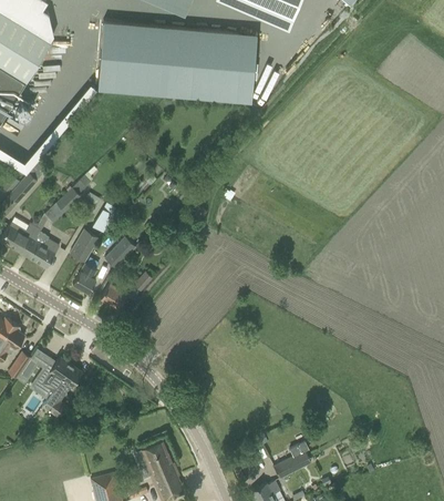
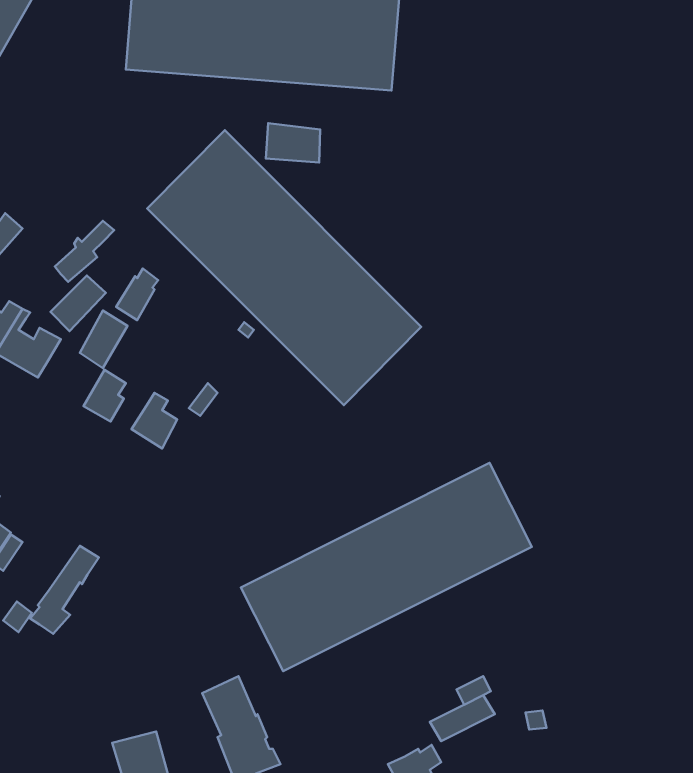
building: none -> [266,123,320,163]
building: none -> [147,130,421,405]
building: [103,236,135,268] -> [51,276,106,331]
building: none -> [241,463,532,671]
building: [37,357,70,390] -> none

